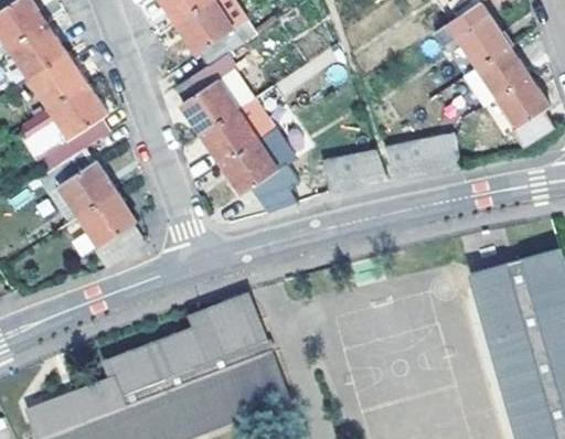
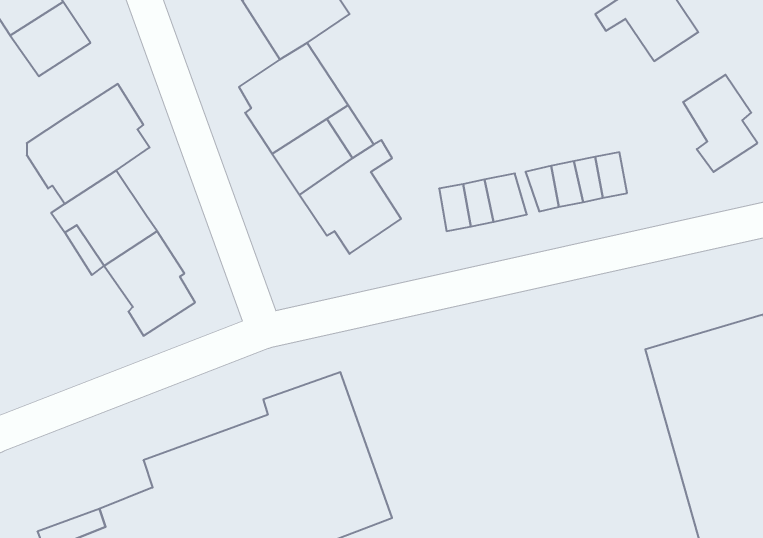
building: [462,45,529,106] -> none
building: [29,53,86,107] -> none

